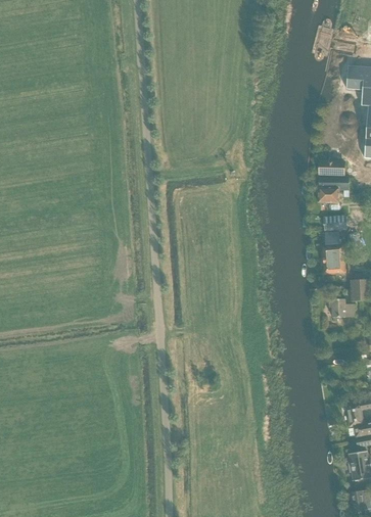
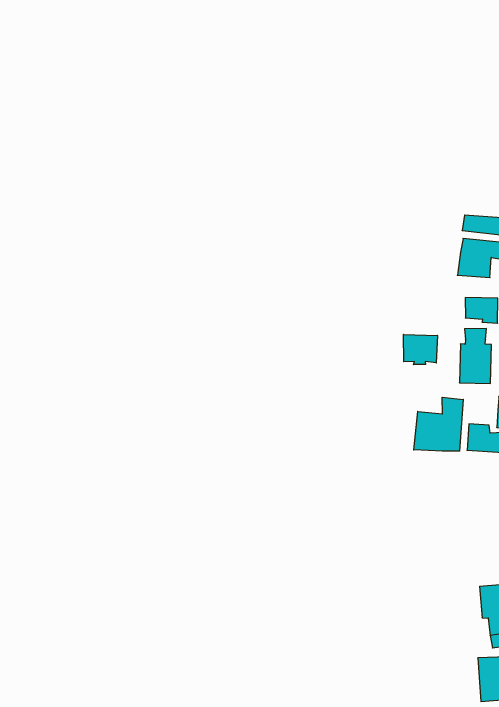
building: none -> [404,334,437,365]
building: none -> [414,397,463,451]

